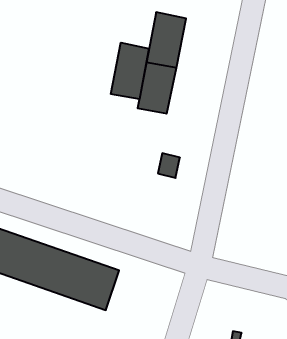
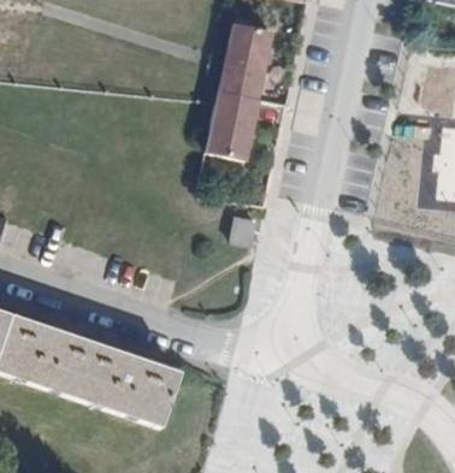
building: [111,43,149,99] -> none

